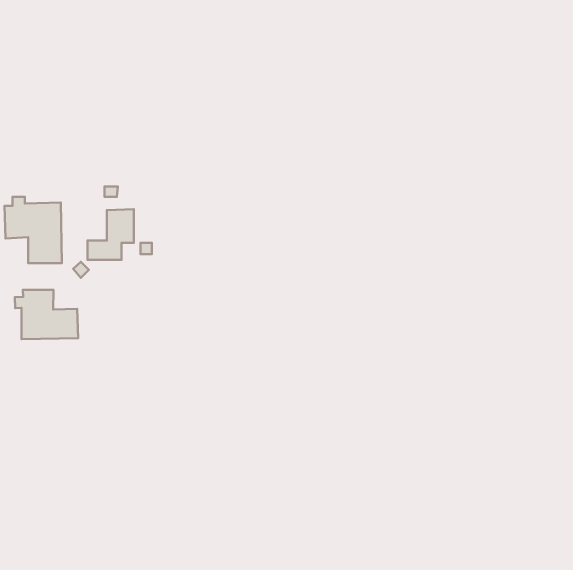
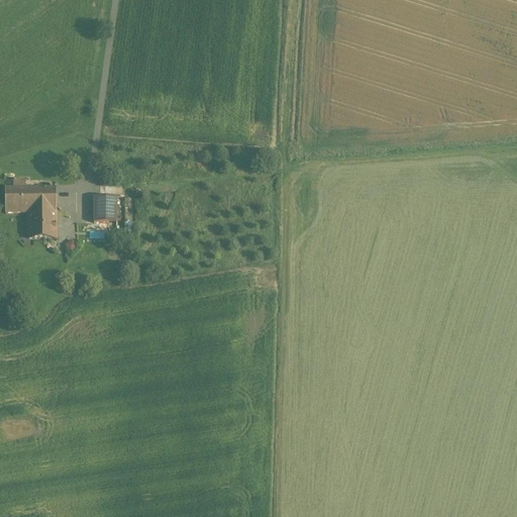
building: [15,290,78,339] -> none

